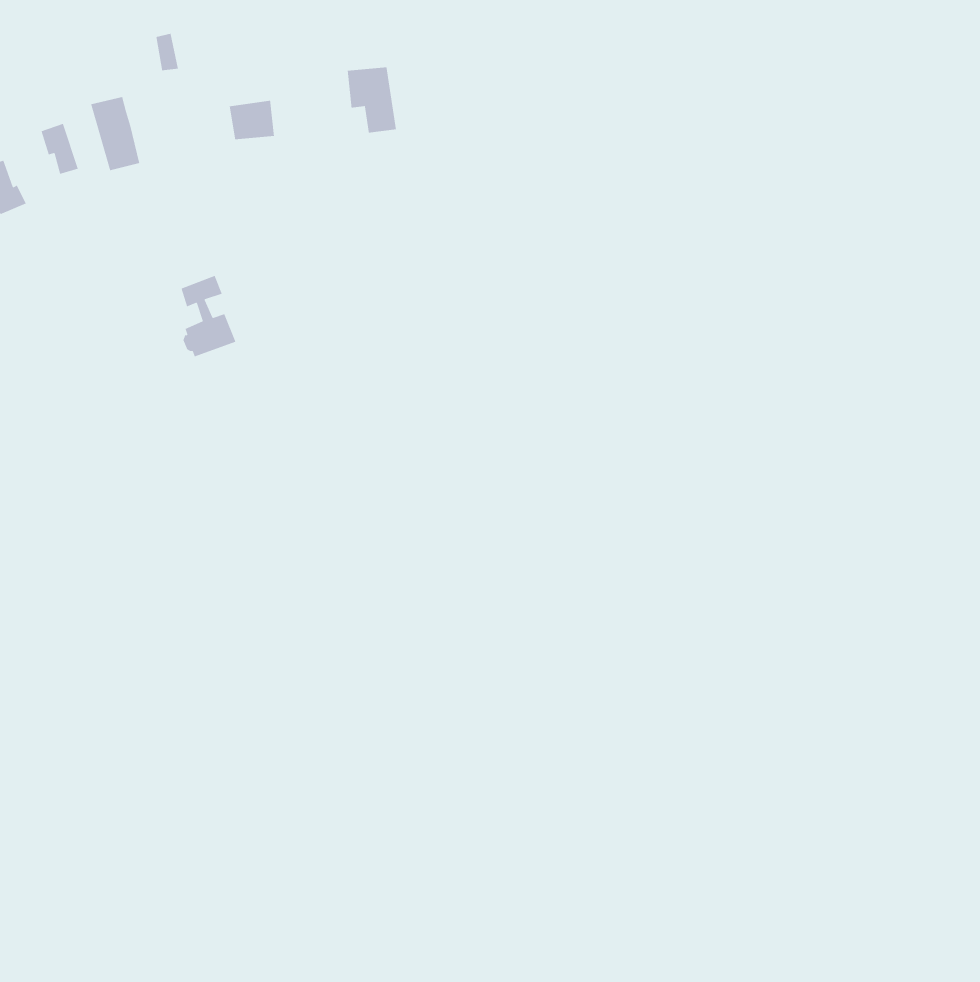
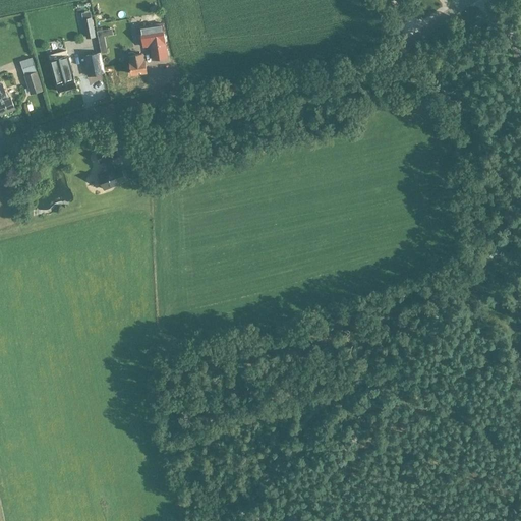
building: [347,66,397,134] -> [140,24,167,60]
building: none -> [82,52,104,76]

